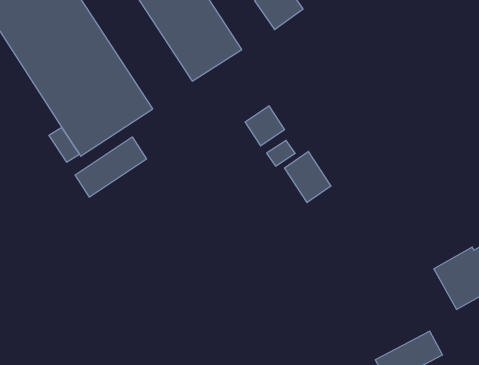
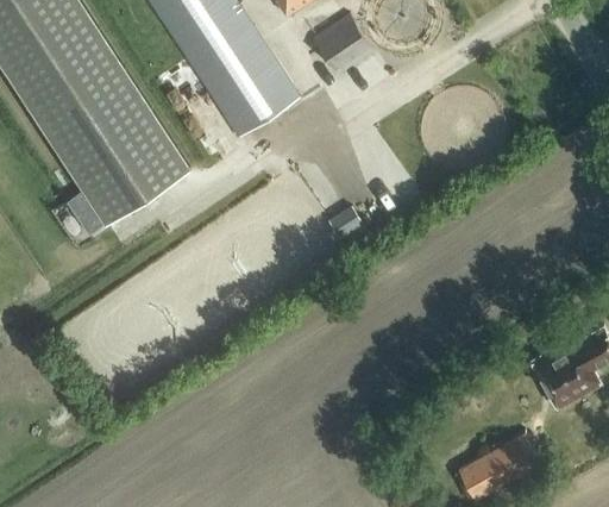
building: [245,106,285,146] -> none
building: [75,137,146,197] -> none
building: [285,151,331,203] -> none

